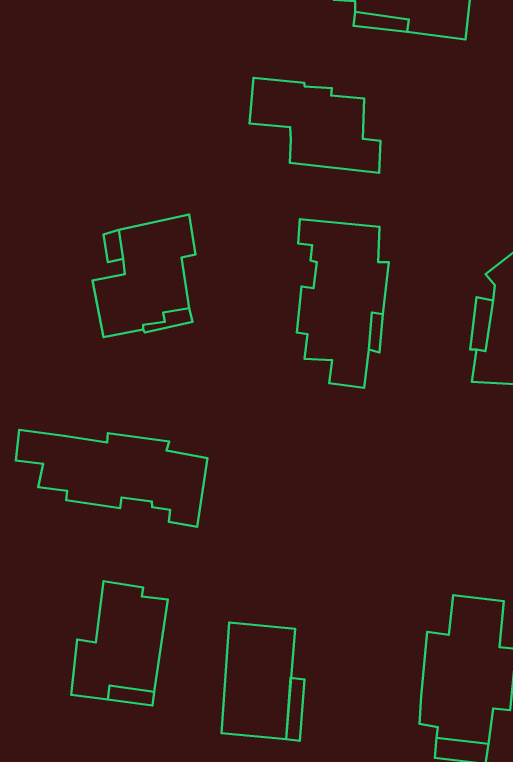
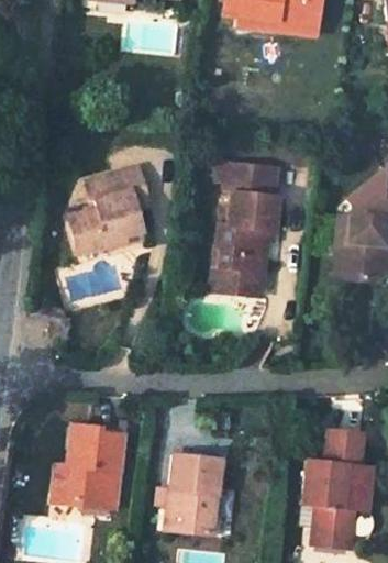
building: [249,78,380,173] -> none
building: none -> [209,244,262,296]
building: [16,430,207,527] -> none

